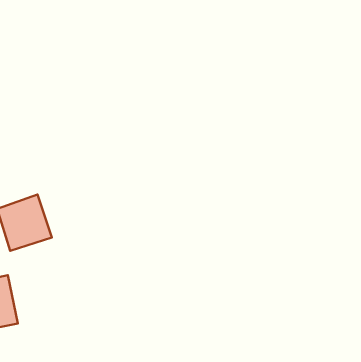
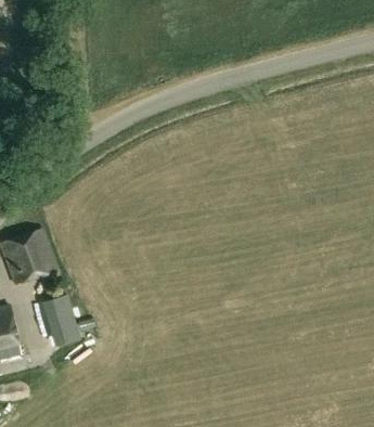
building: none -> [44,290,79,344]

